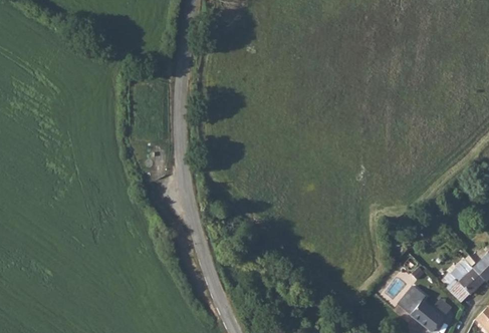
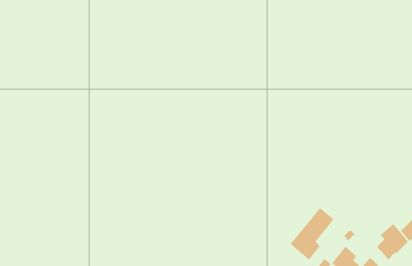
building: none -> [290,207,334,260]

